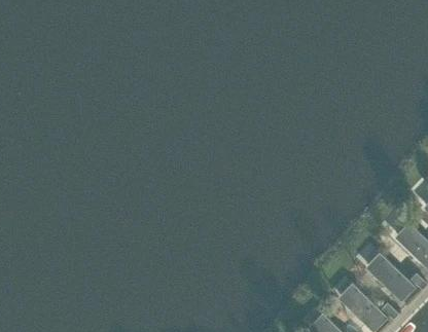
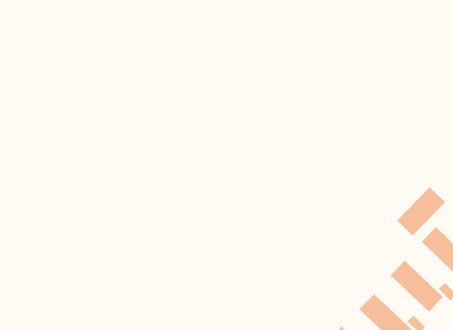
building: none -> [396,186,446,236]

